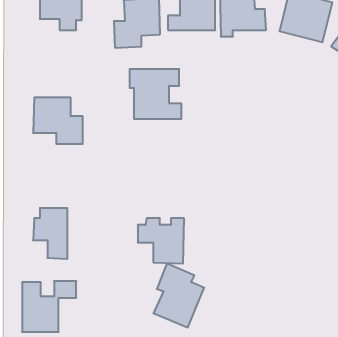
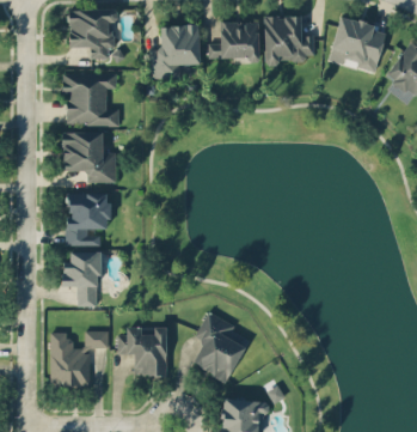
building: [130,69,181,119] -> [63,71,119,124]
building: none -> [66,191,109,245]
building: [138,218,184,264] -> [118,327,168,376]

